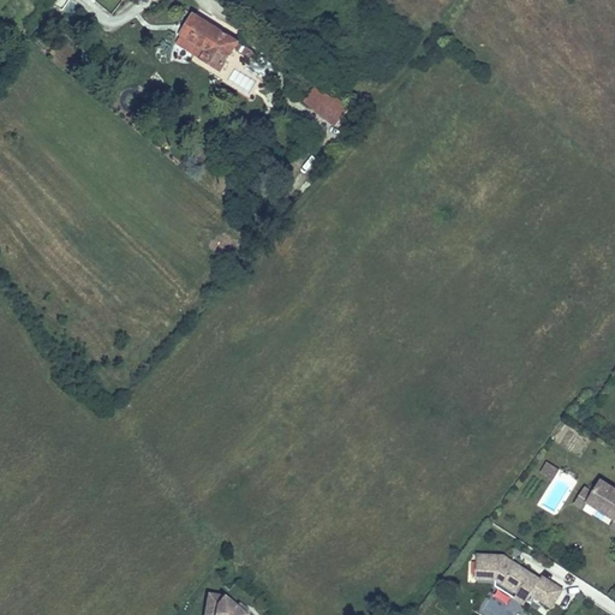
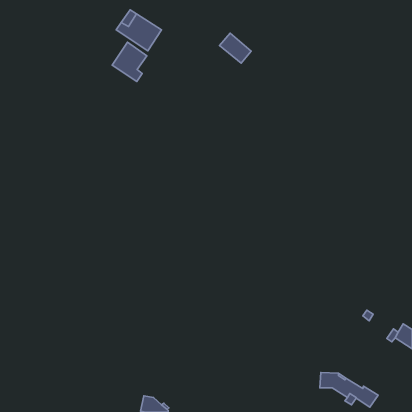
building: none -> [112,42,147,82]
building: [301,84,348,129] -> [220,33,251,63]

